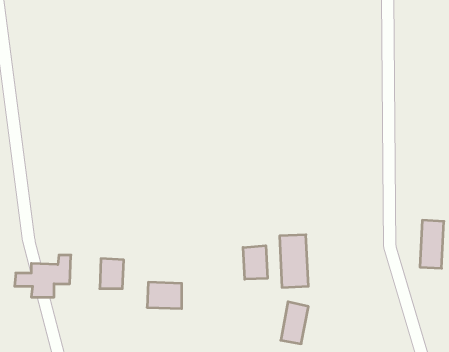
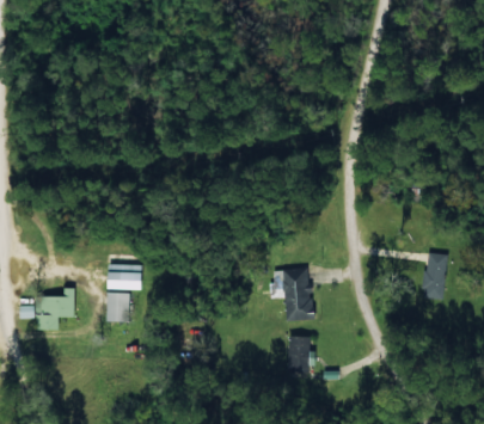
building: [243,246,267,279] -> none
building: [147,282,182,309] -> [105,264,140,290]

